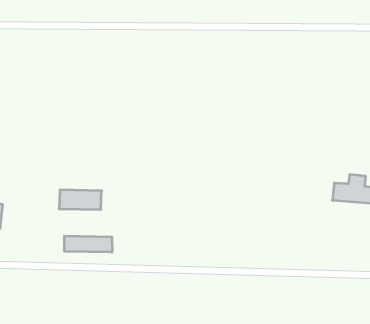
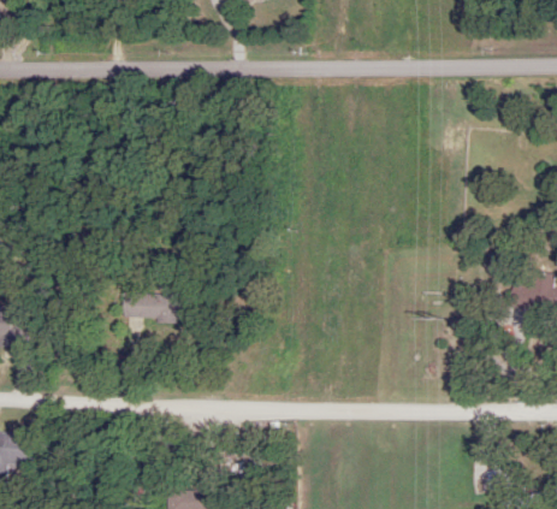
building: [64,236,112,252] -> none

